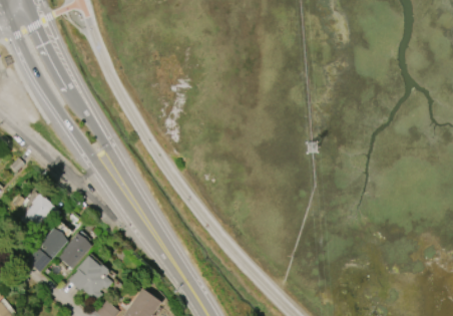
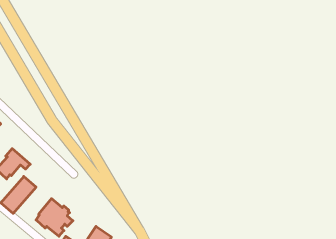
building: [57,233,91,272] -> none

